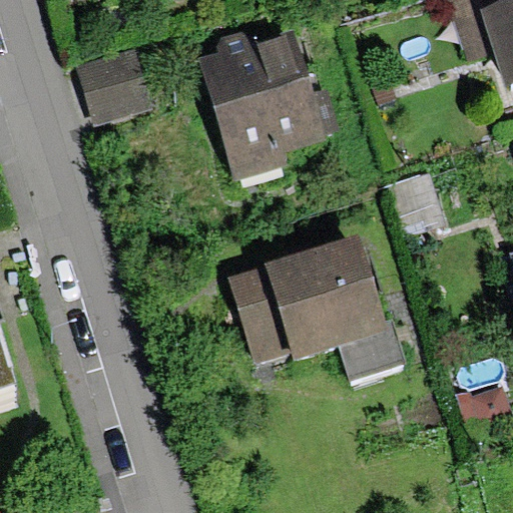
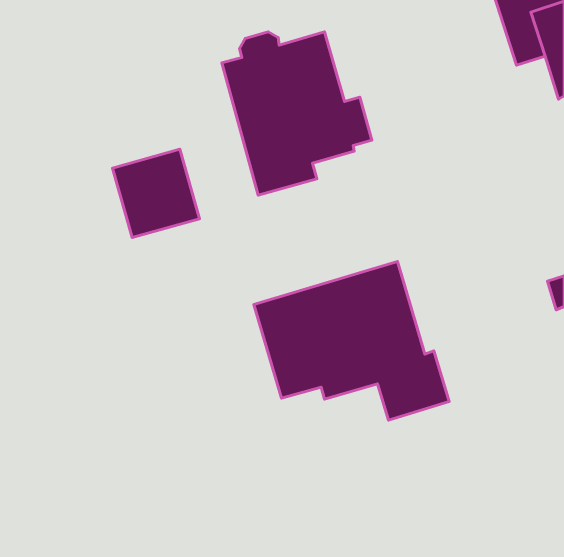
building: [75,46,154,126] -> [112,149,200,238]

